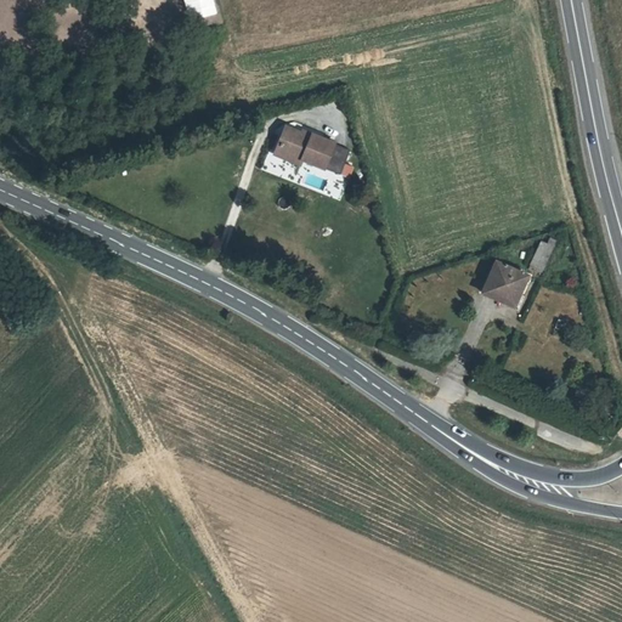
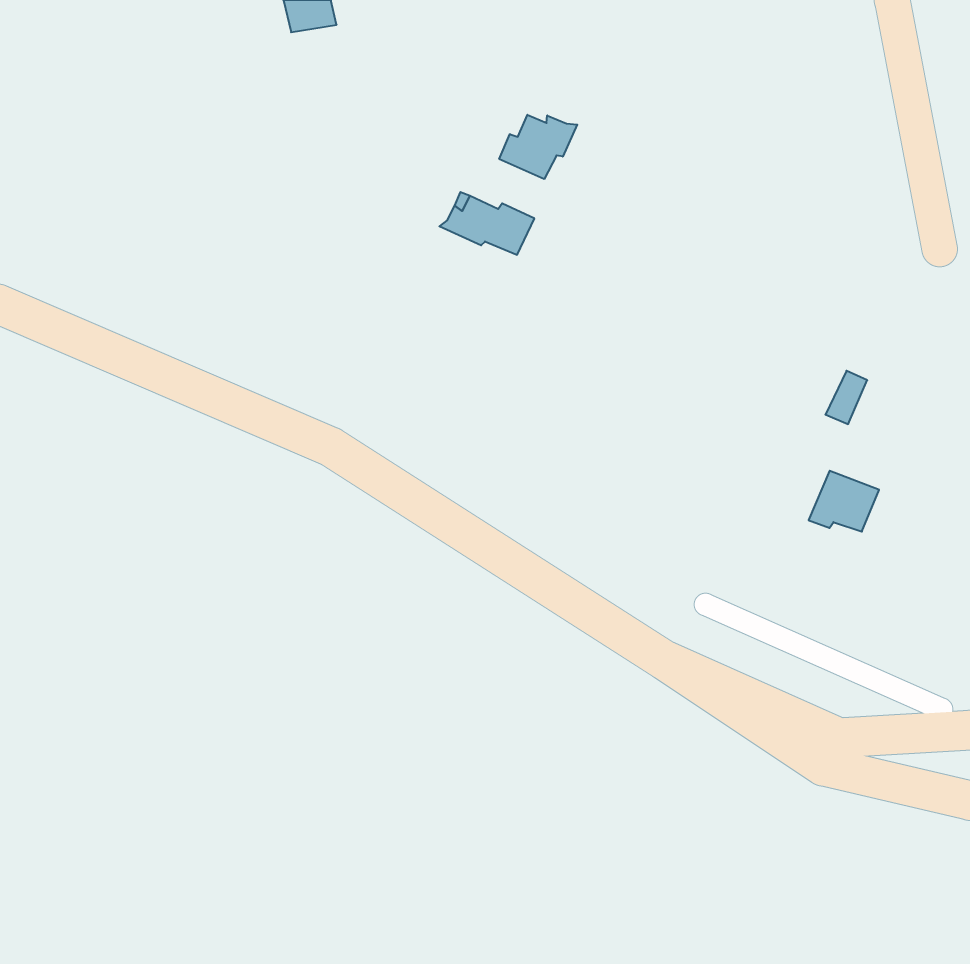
building: none -> [499,115,577,179]
building: [481,264,526,302] -> [809,471,879,532]

